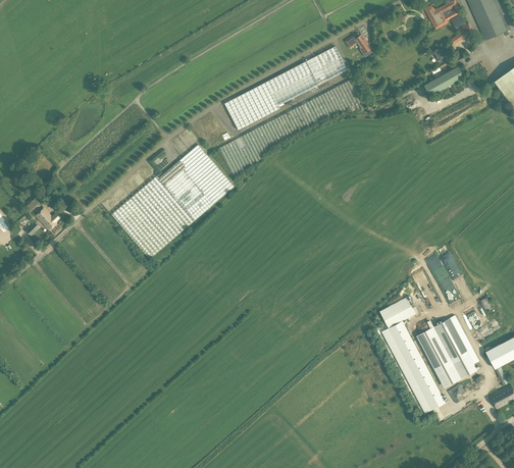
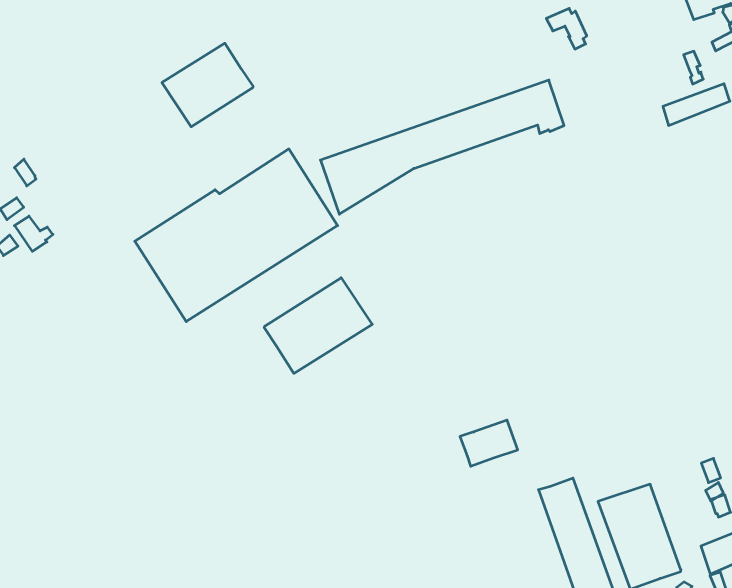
building: [224,46,347,129] -> none
building: none -> [162,43,253,127]
building: none -> [264,278,372,373]
building: [379,297,416,328] -> [460,420,518,466]

